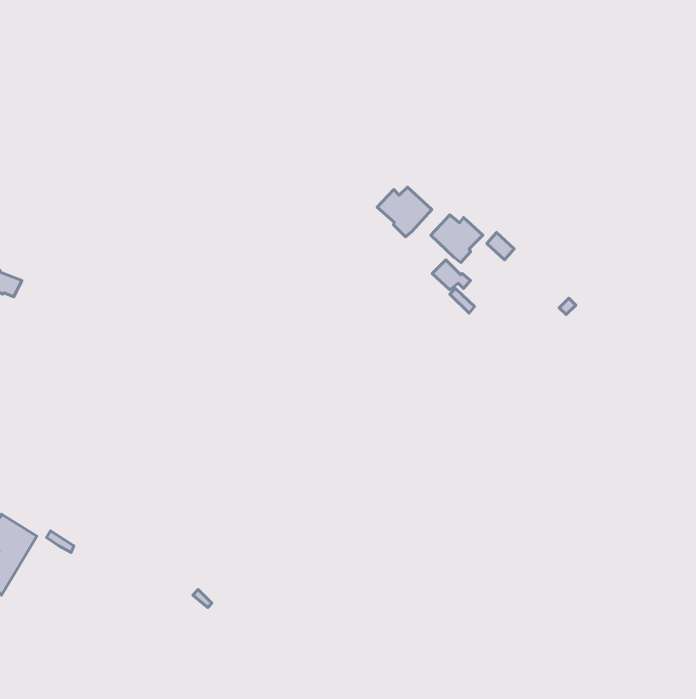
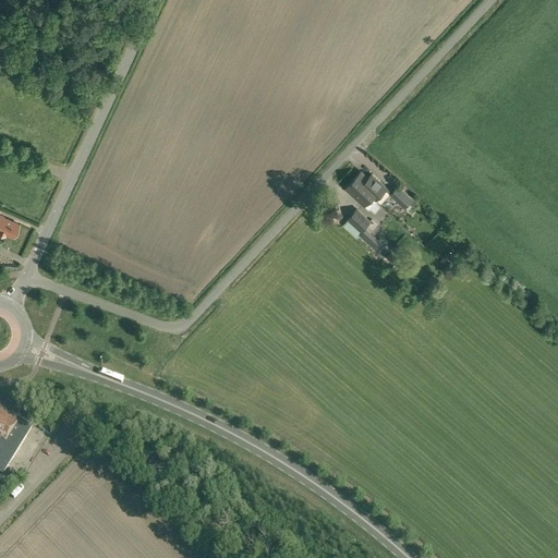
building: [377,187,432,237] -> none

